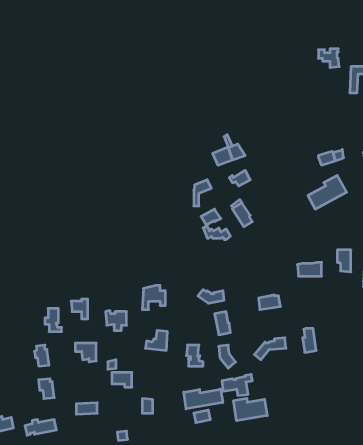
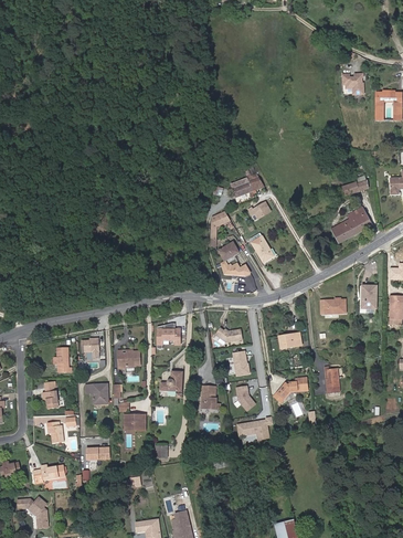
building: [184,389,223,409] -> none
building: [234,398,267,421] -> none

